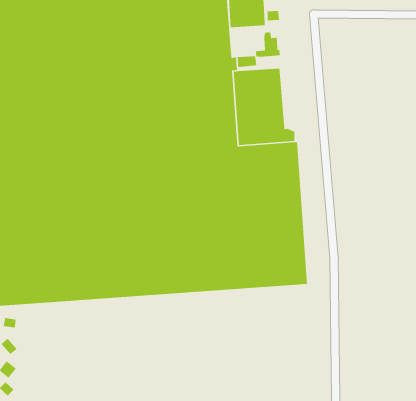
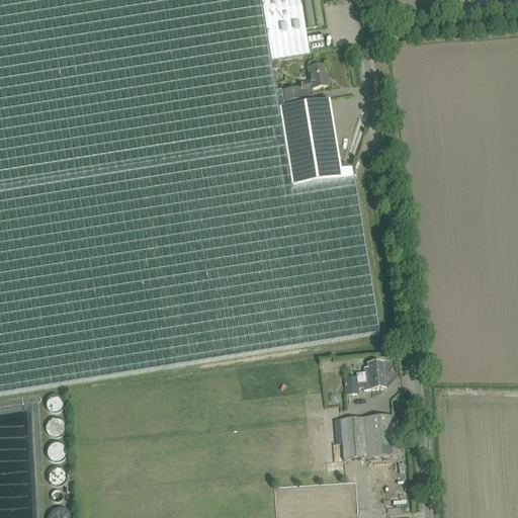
building: none -> [343,360,383,393]
building: none -> [339,413,396,457]

